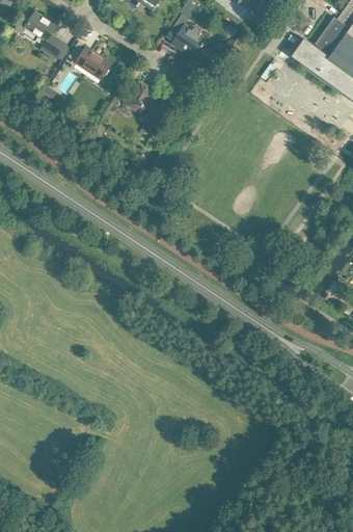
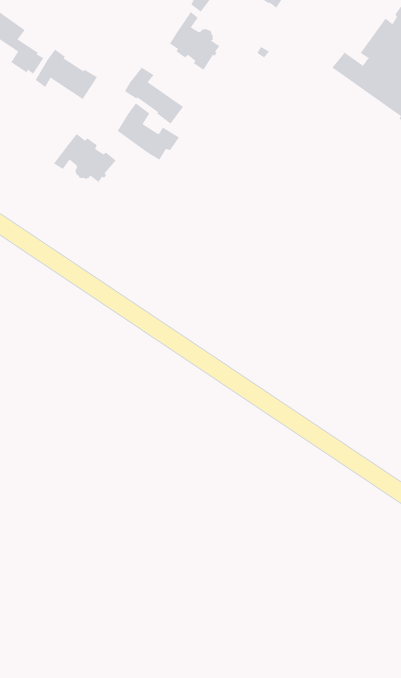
building: none -> [124,67,184,125]
building: none -> [53,133,116,183]

